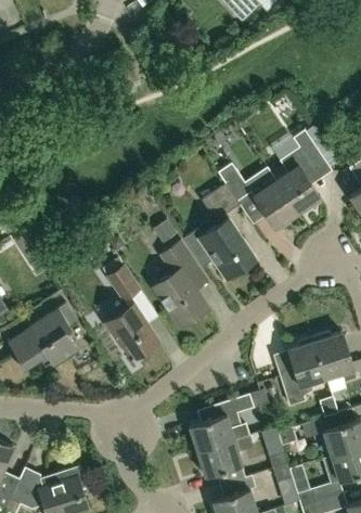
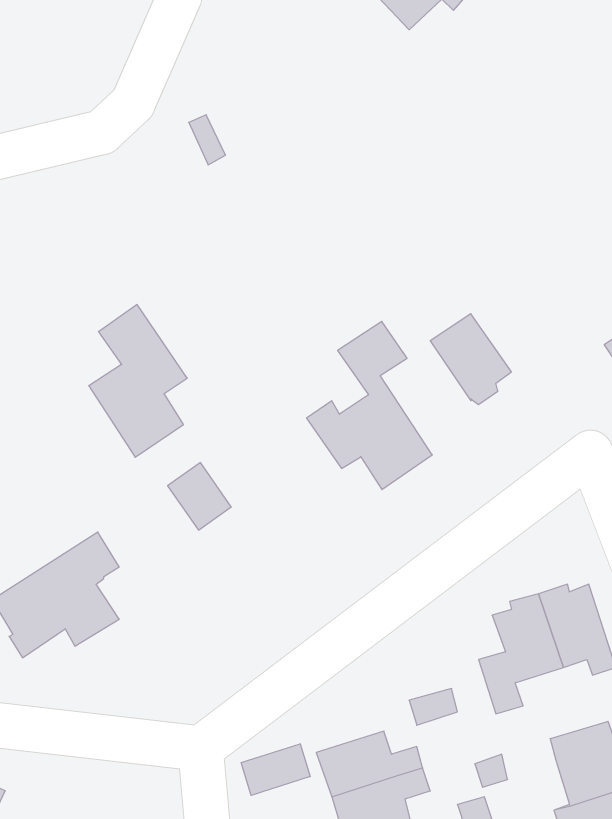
building: [275,130,326,213] -> none
building: [218,163,252,202] -> none
building: [154,241,209,326] -> [89,305,187,457]
building: [105,304,158,360] -> none
building: none -> [241,744,310,795]

